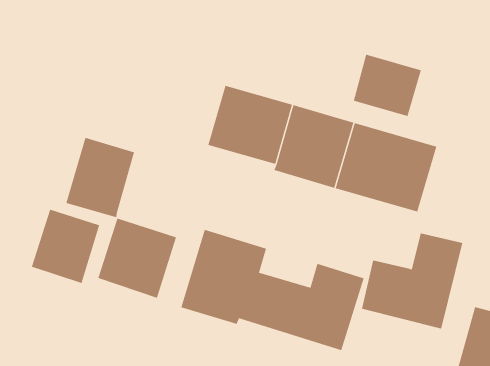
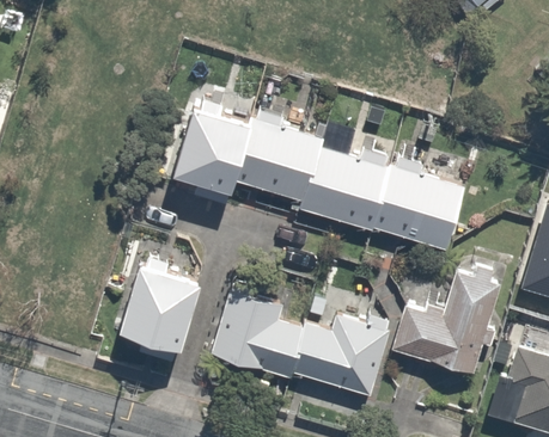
building: [353,54,421,117] -> none
building: [66,137,135,218] -> [173,103,246,187]
building: [31,209,100,284] -> none

